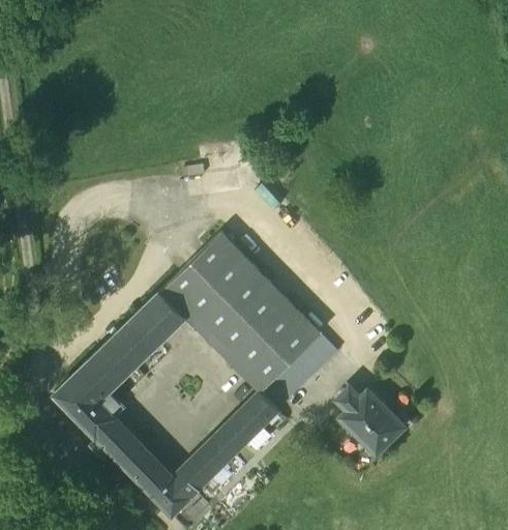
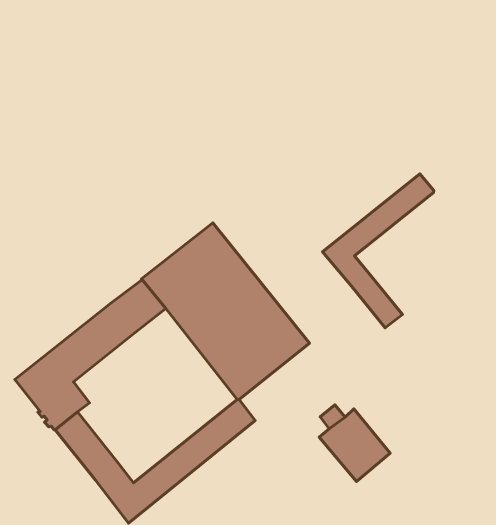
building: none -> [322,174,434,328]
building: [261,334,337,410] -> none

